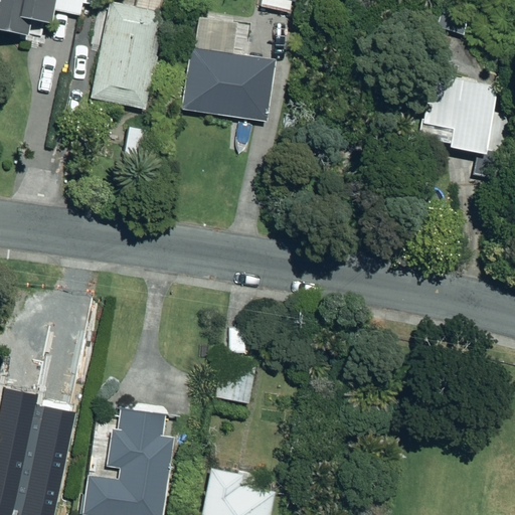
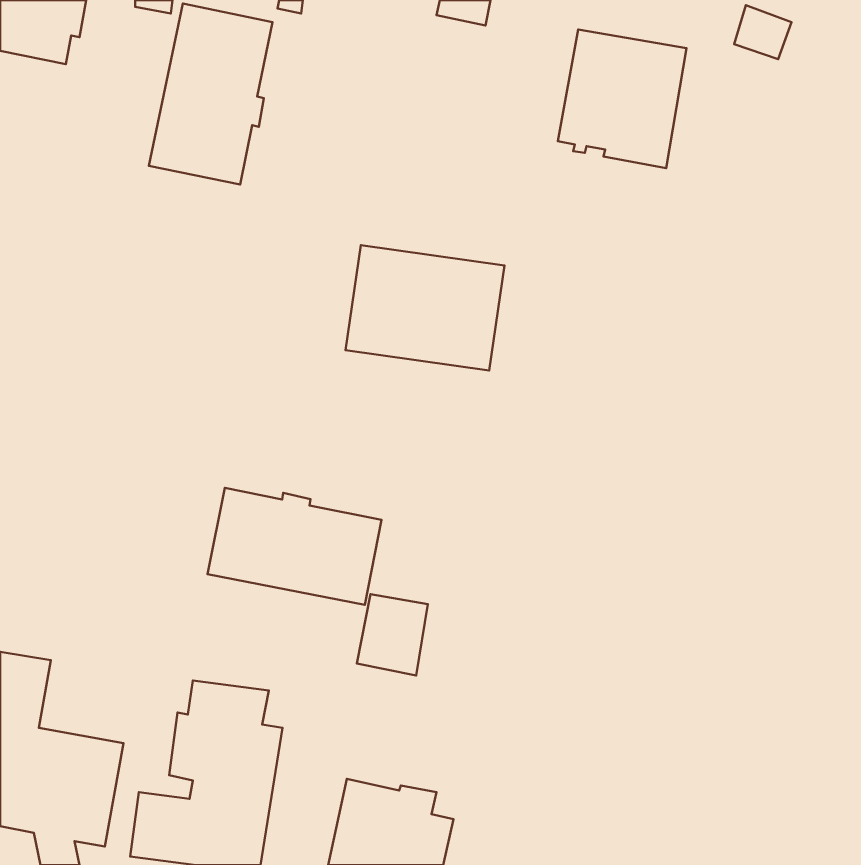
building: [181,47,276,122] -> [345,245,504,370]
building: [420,74,497,157] -> [558,29,686,168]
building: none -> [208,488,381,605]

